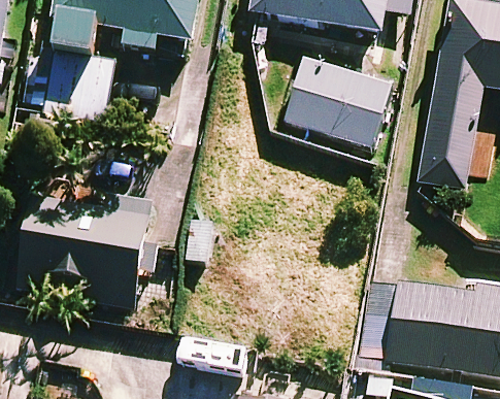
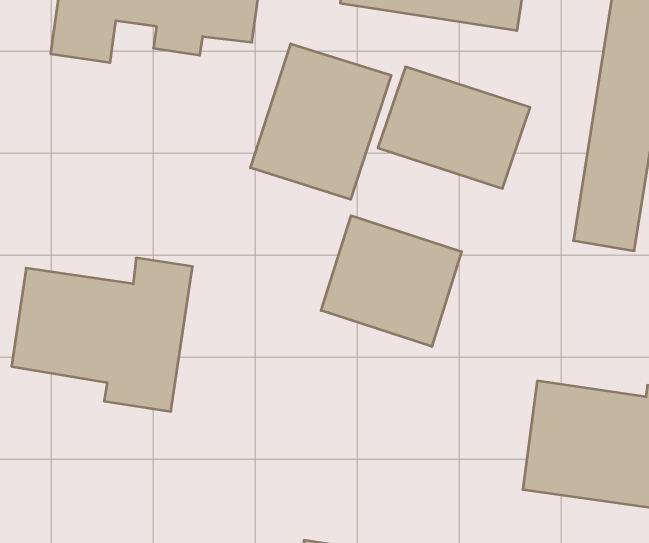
building: none -> [250,44,391,199]
building: none -> [321,216,462,347]

